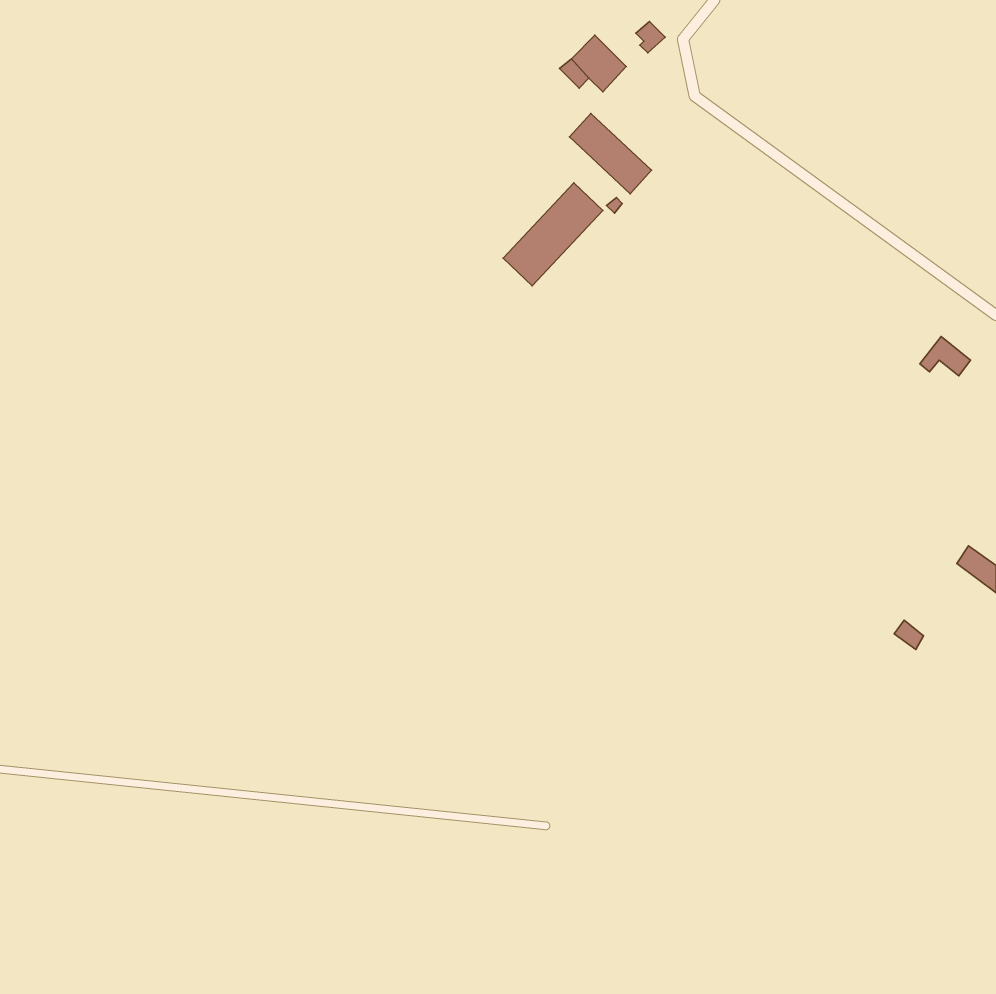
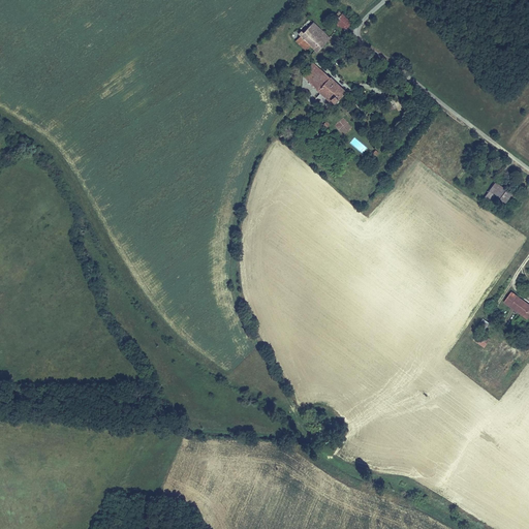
building: [503,183,603,286] -> none

